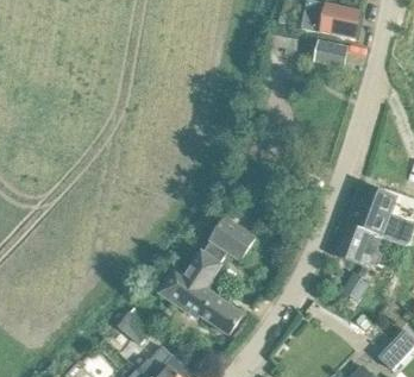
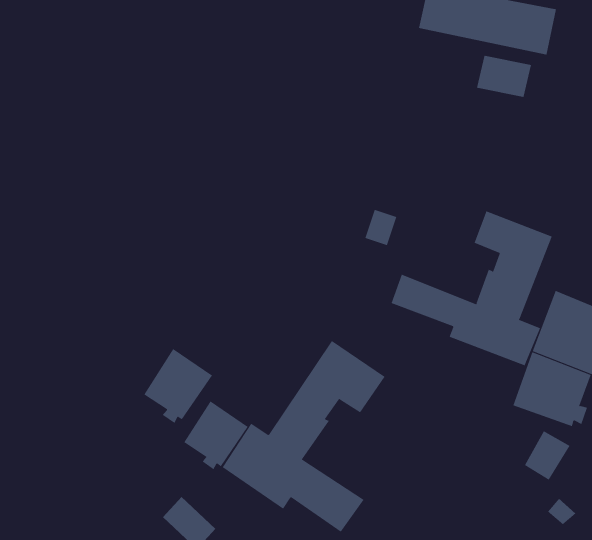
building: none -> [391,210,553,366]
building: none -> [143,348,213,424]
building: none -> [184,401,248,470]

